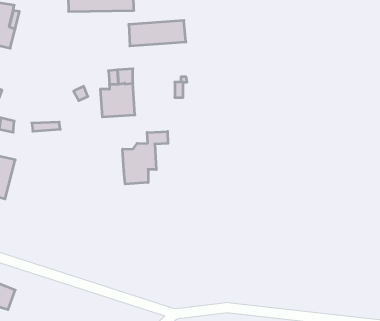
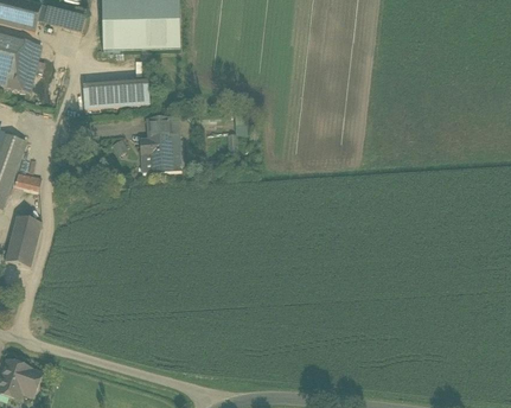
building: [129,20,186,46] -> [83,77,149,107]
building: [123,131,168,184] -> none

